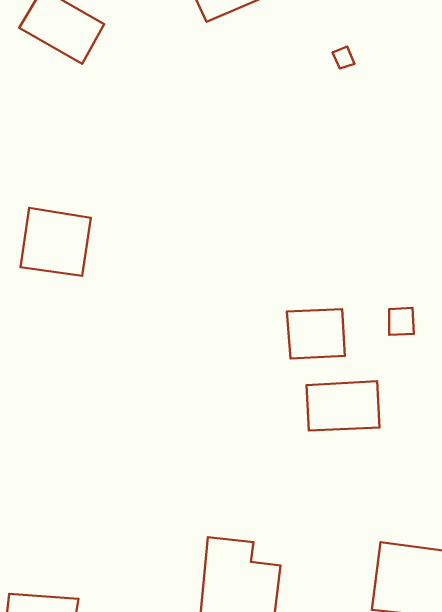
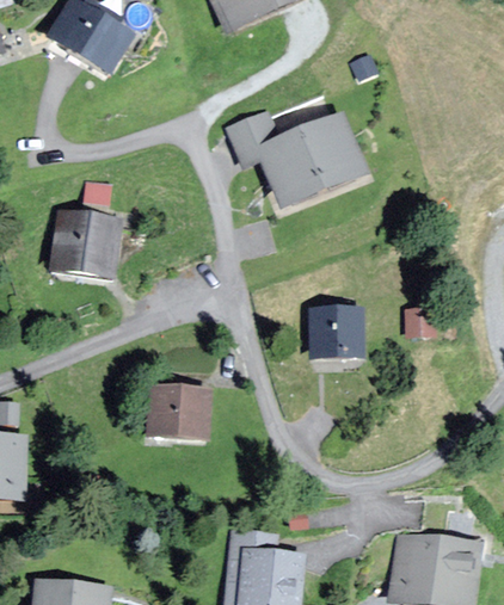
building: none -> [229,110,368,208]
building: [307,381,379,430] -> none
building: none -> [149,391,208,436]

